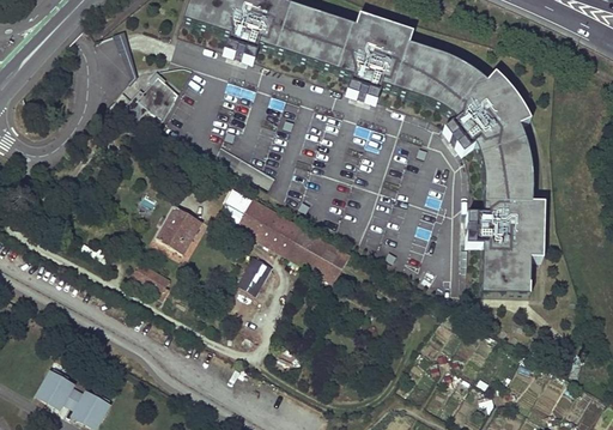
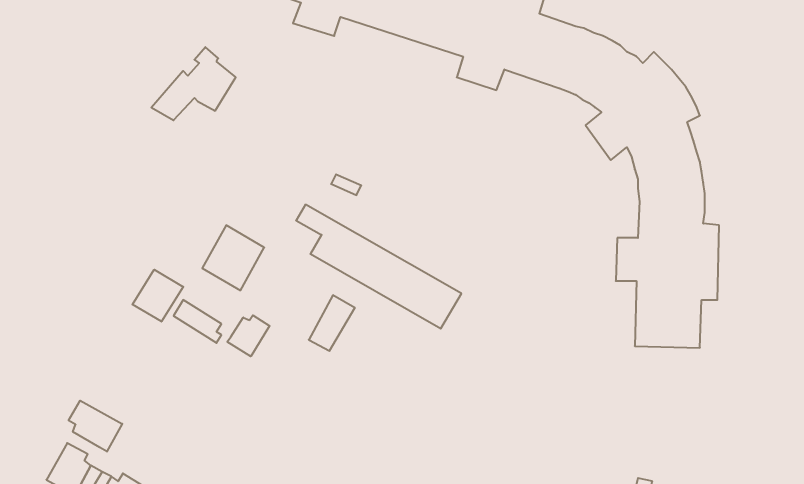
building: none -> [132,270,183,322]
building: none -> [227,315,270,356]
building: none -> [69,401,122,452]

